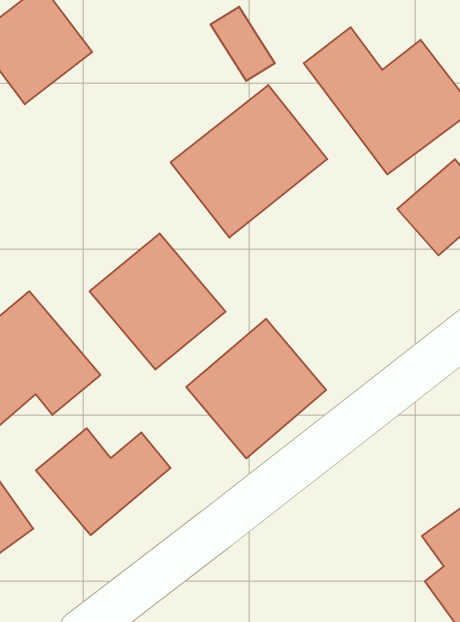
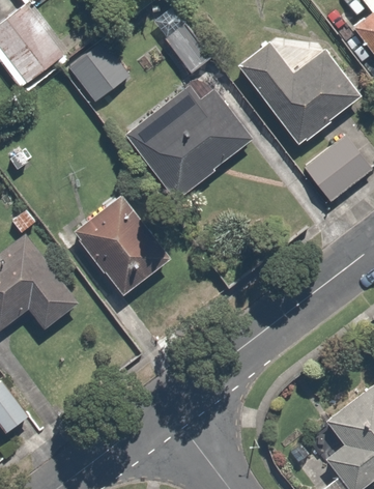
building: none -> [69,39,133,102]
building: [186,319,326,458] -> none
building: [36,428,171,535] -> none

